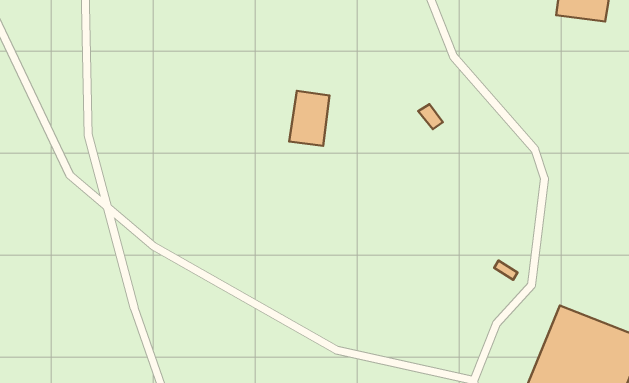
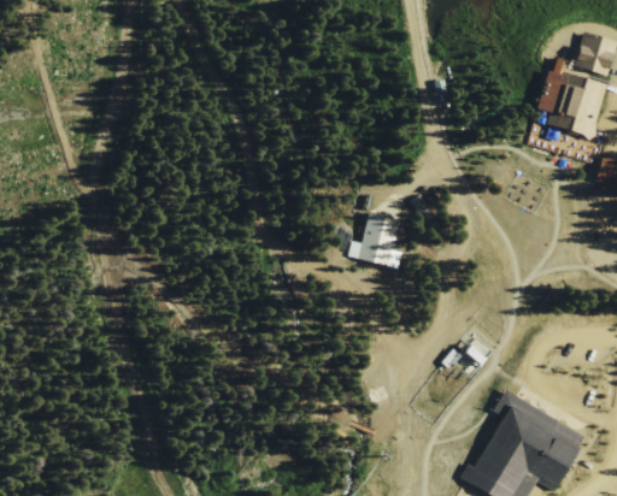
building: [289,91,330,146] -> [358,214,400,267]

